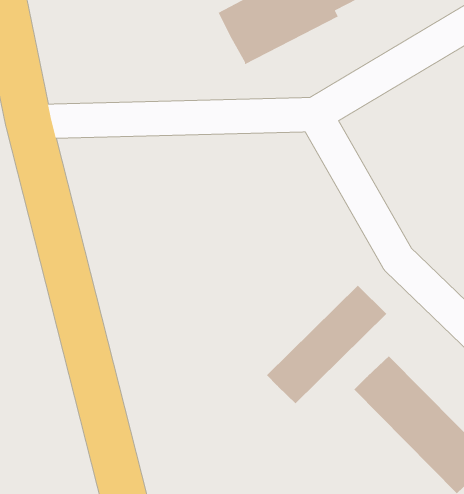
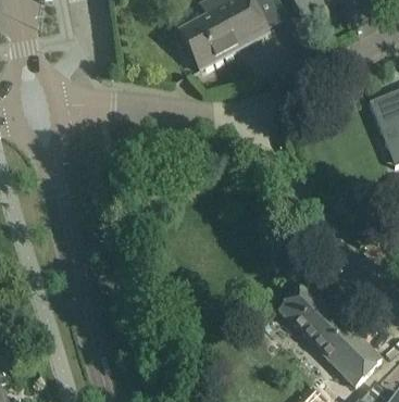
building: [266,285,387,404] -> none

